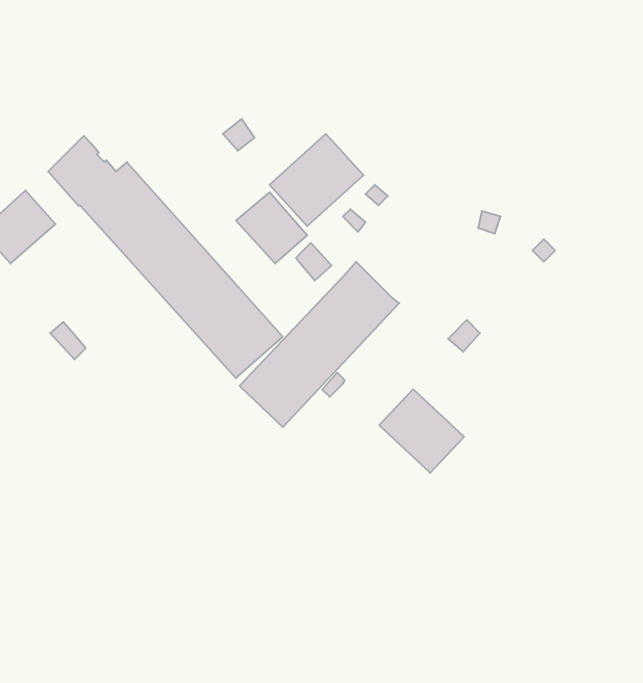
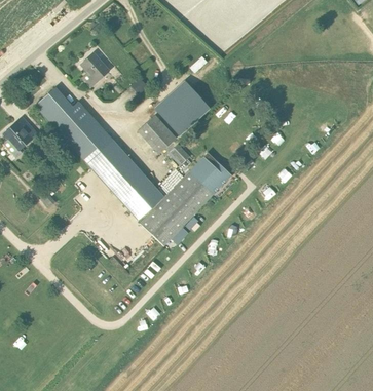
building: none -> [81,53,108,86]
building: [379,389,464,473] -> none

